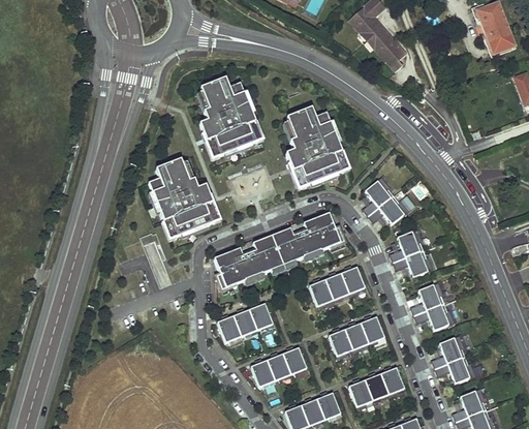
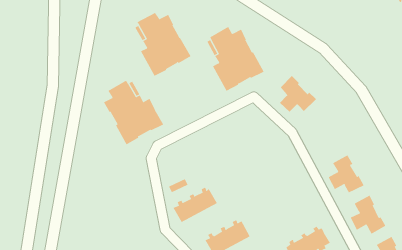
building: [215,213,345,286] -> none
building: [390,228,434,277] -> none
building: [310,265,365,308] -> none
building: [330,314,384,359] -> none

